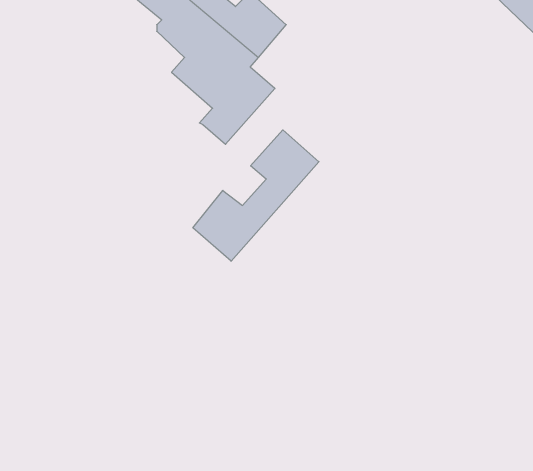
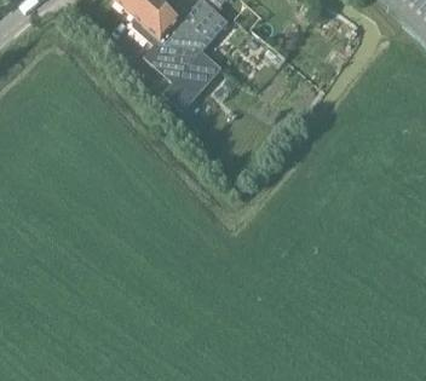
building: [193,130,319,261] -> none

